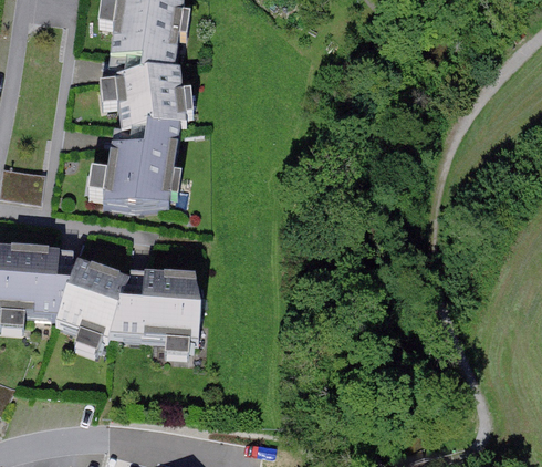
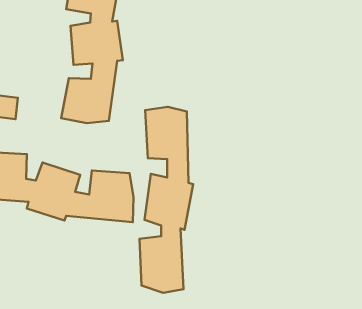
building: none -> [139,107,193,293]

